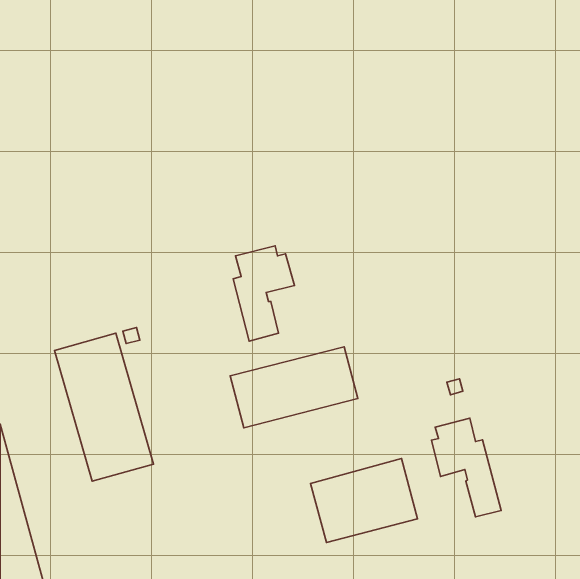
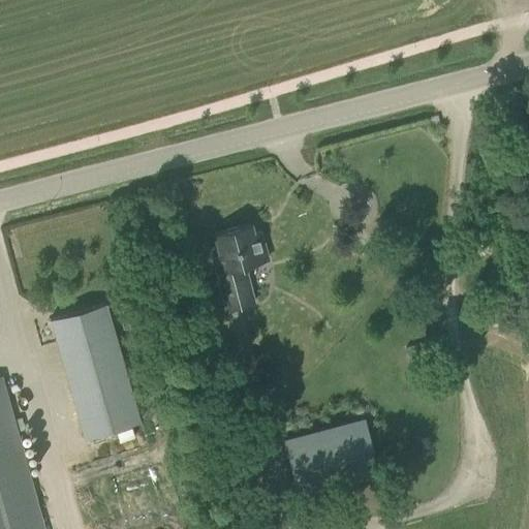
building: [230,347,358,428] -> none
building: [432,418,501,517] -> none

